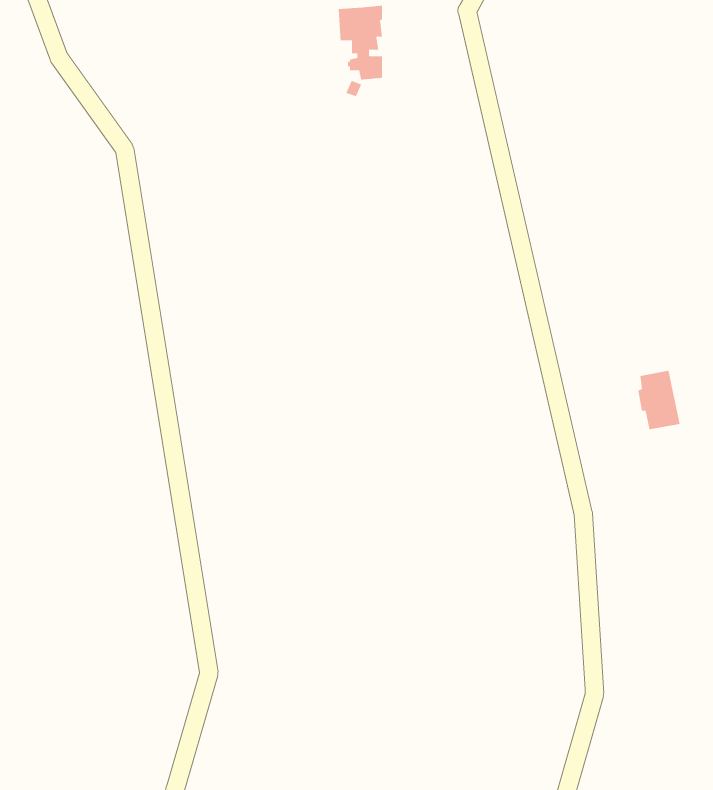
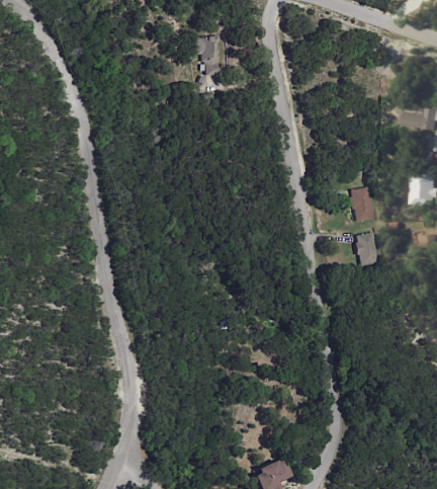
building: none -> [348,187,372,223]

